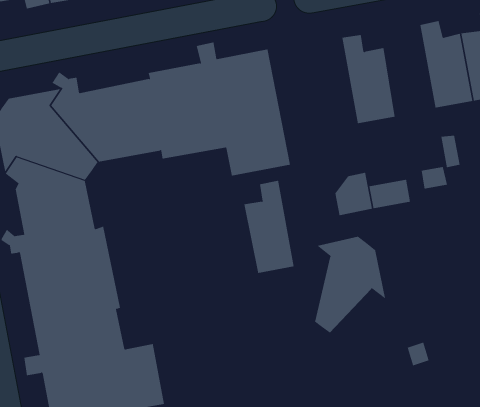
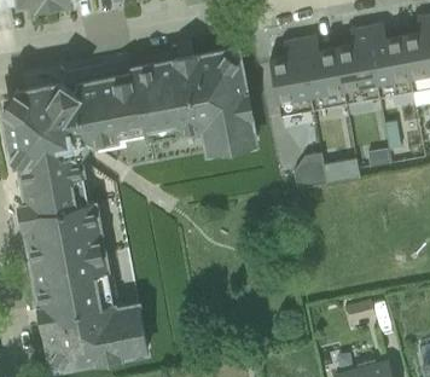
building: none -> [336,28,379,106]
building: [244,180,294,274] -> [269,39,313,118]
building: [314,236,386,334] -> none

